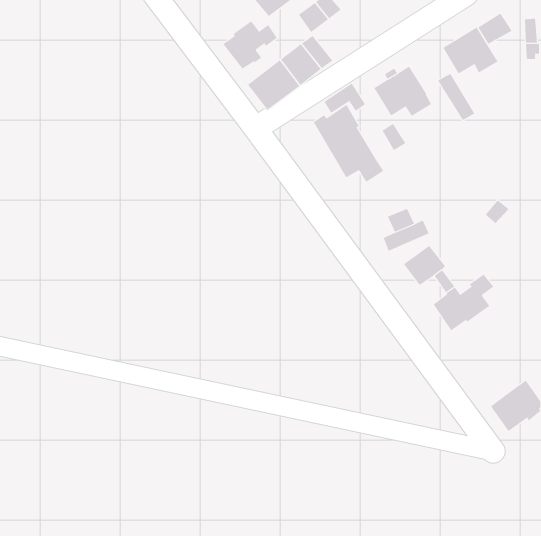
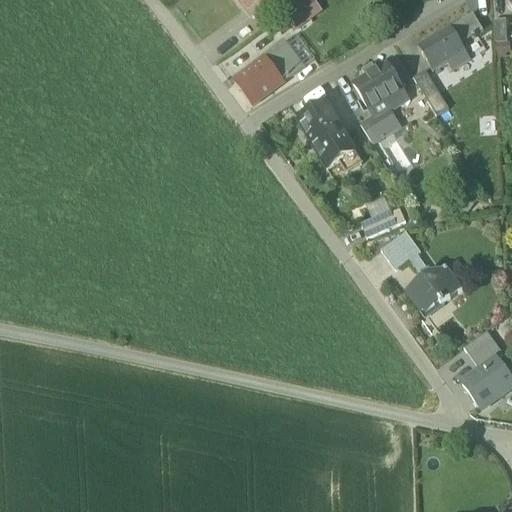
building: [223,20,278,70] -> none
building: none -> [369,101,399,135]
building: none -> [463,331,502,370]

